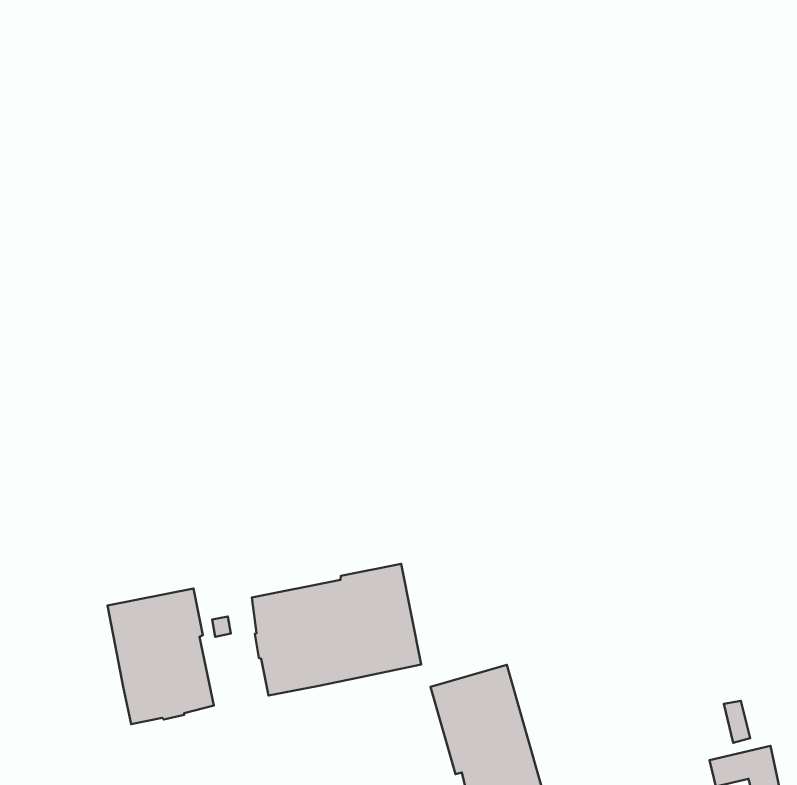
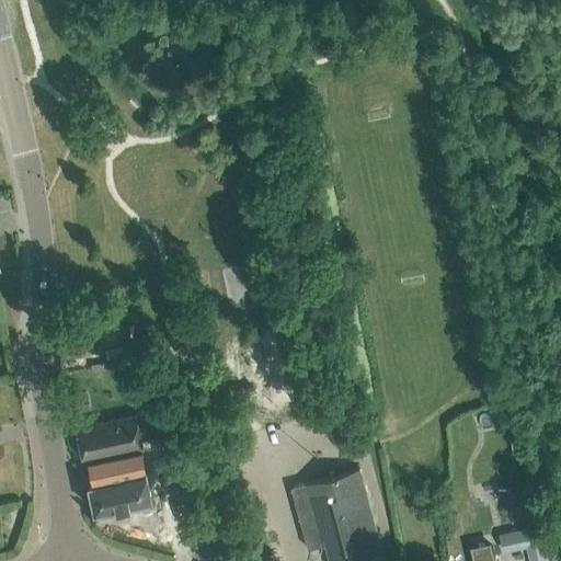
building: [252,564,421,695] -> none

